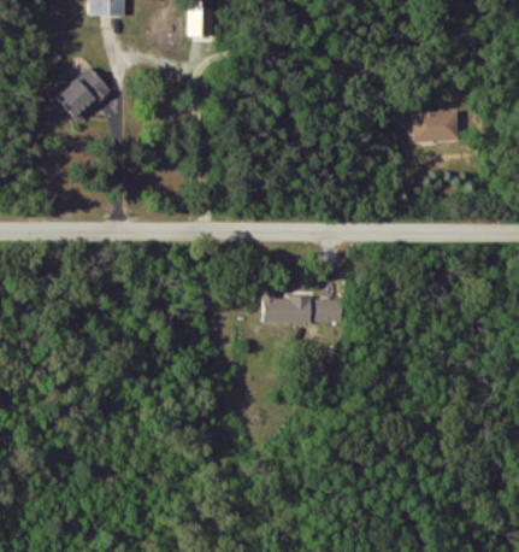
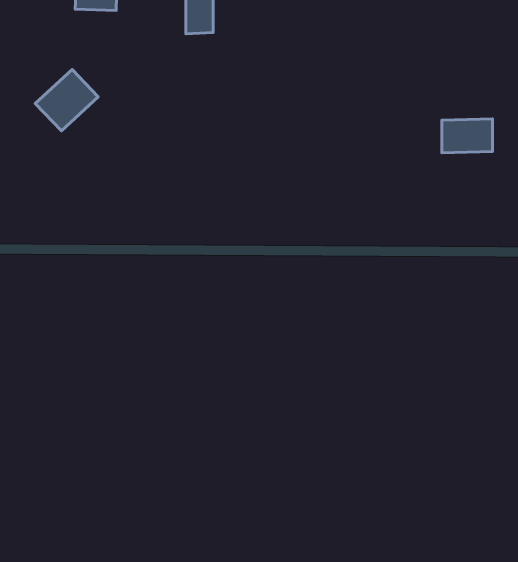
building: [263,289,309,322] -> none
building: [314,299,341,321] -> none

